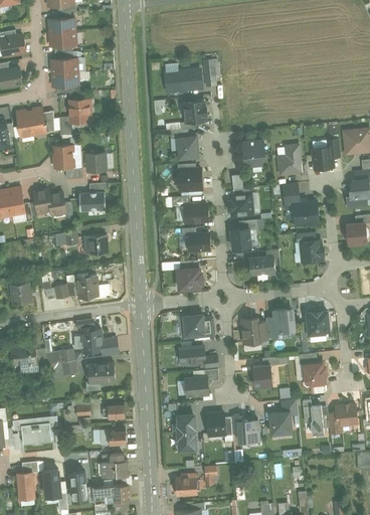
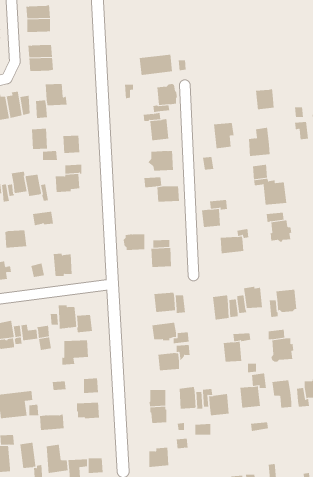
building: [312,147,332,169] -> [255,88,275,110]
building: [227,194,251,216] -> none
building: [185,234,208,251] -> [123,234,145,251]
building: [83,235,107,254] -> [5,230,27,248]
building: [101,461,127,478] -> [39,414,65,430]

